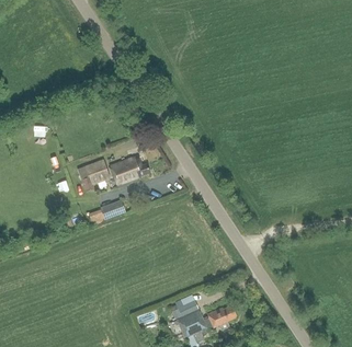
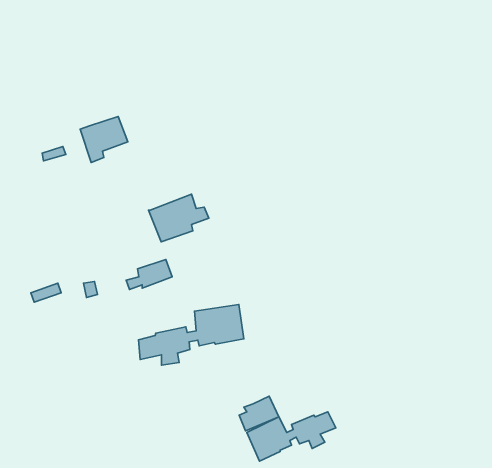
building: [79,160,112,192] -> [80,116,128,162]
building: none -> [138,304,244,365]

